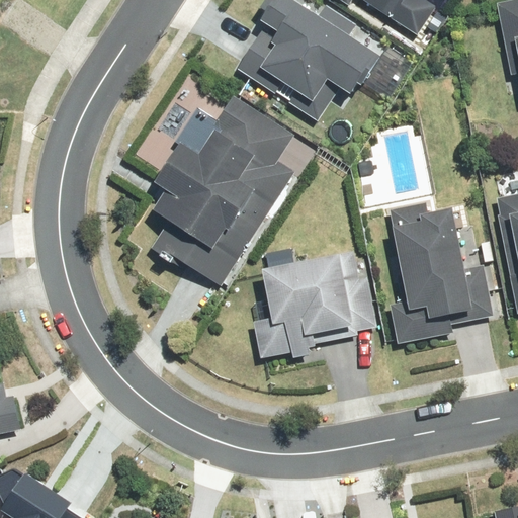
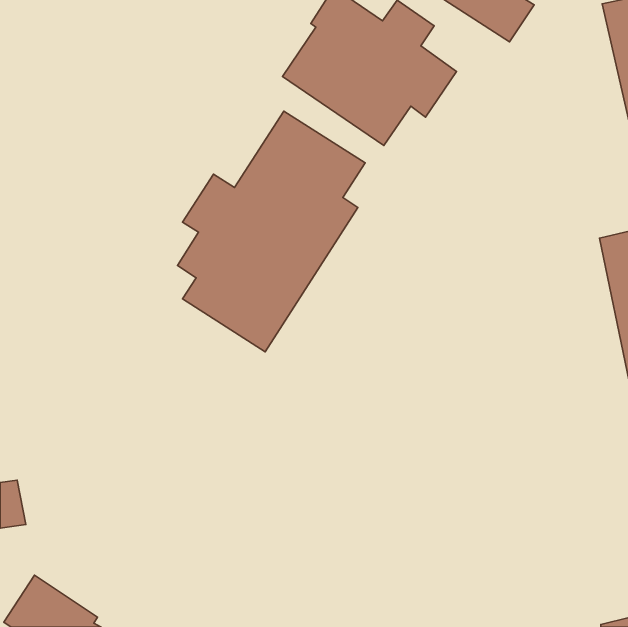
building: [385,199,497,345] -> none
building: [253,251,378,365] -> none

